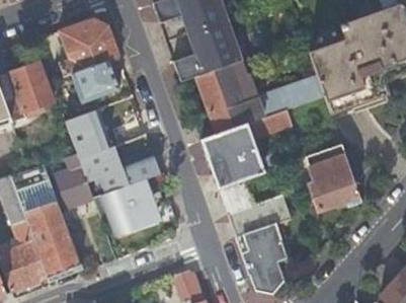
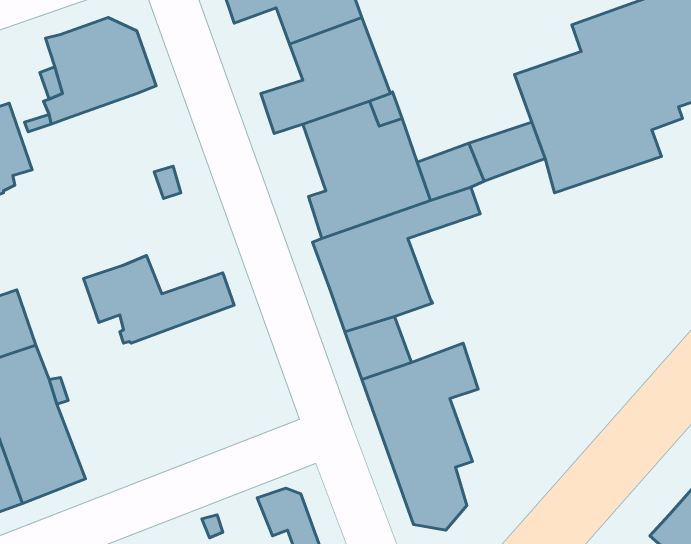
building: [71,60,119,102] -> none
building: [66,112,101,158] -> none
building: [297,142,360,210] -> none
building: [56,164,94,207] -> none
building: [102,179,174,232] -> none

